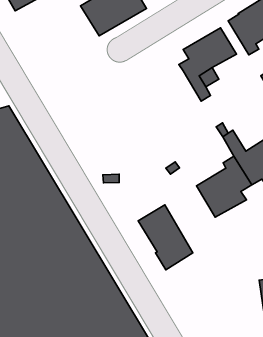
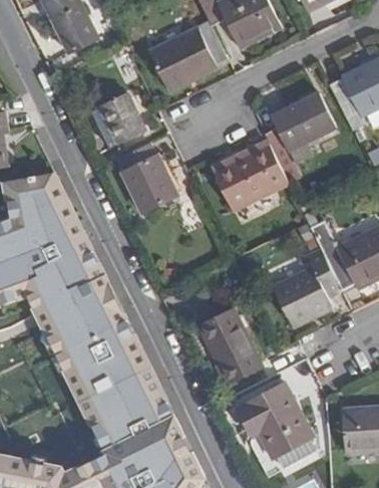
building: none -> [99,93,143,143]
building: none -> [211,143,287,211]
building: none -> [115,143,176,215]
building: none -> [238,385,312,466]

